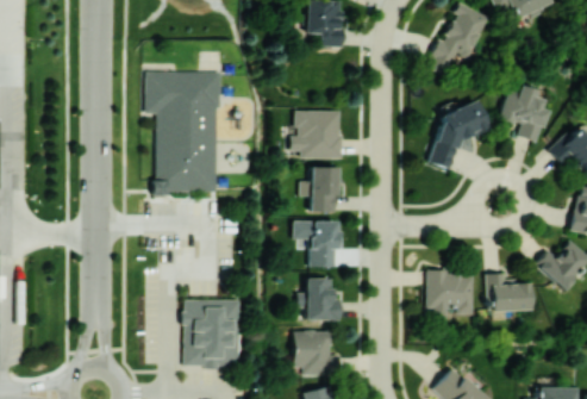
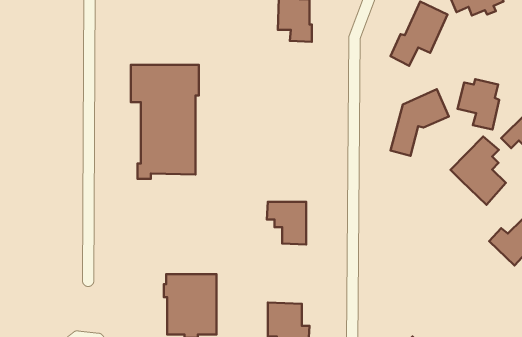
building: [291,110,341,157] -> none
building: none -> [451,136,506,205]
building: [310,166,337,212] -> none
building: [426,270,473,318] -> none
building: [487,272,530,311] -> none
building: [306,278,339,319] -> none

